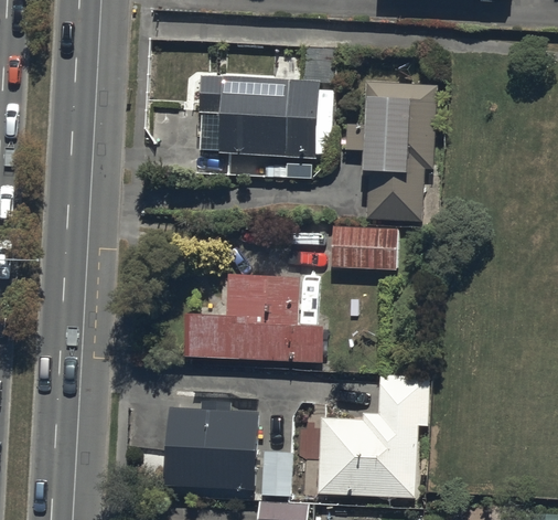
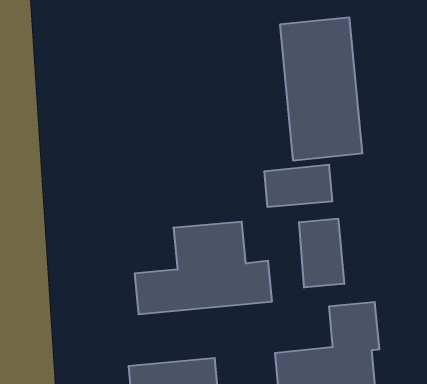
building: [200,76,319,158] -> none
building: none -> [299,219,344,288]

